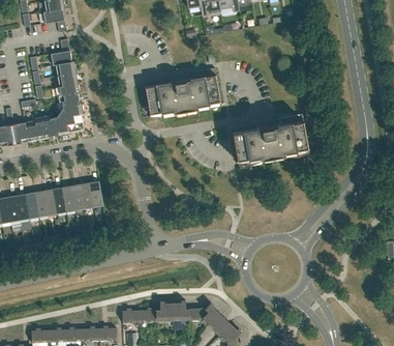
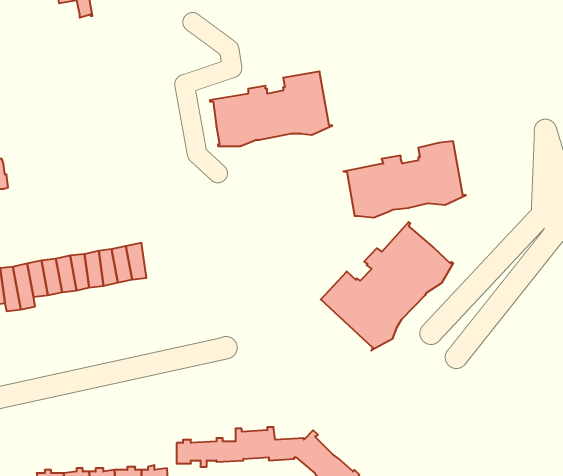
building: [13,38,85,143] -> none
building: none -> [321,222,453,351]

